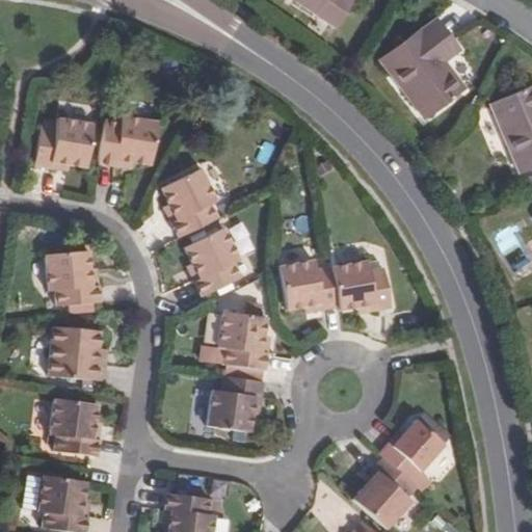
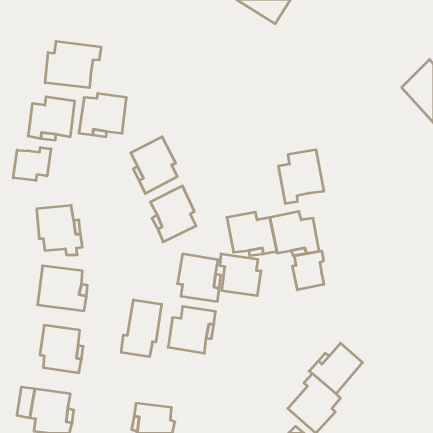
building: [383,20,467,119] -> none
building: none -> [45,41,101,88]
building: none -> [13,147,51,181]
building: none -> [279,150,324,204]
building: none -> [292,251,324,290]
building: none -> [220,254,261,296]
building: none -> [121,300,162,357]

